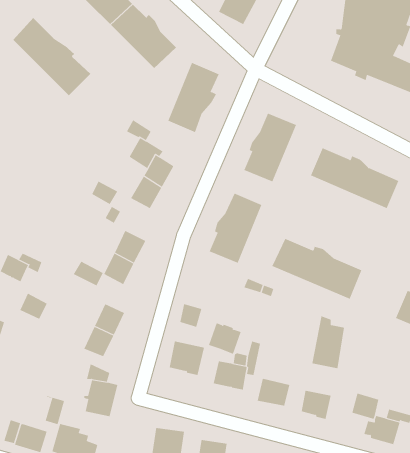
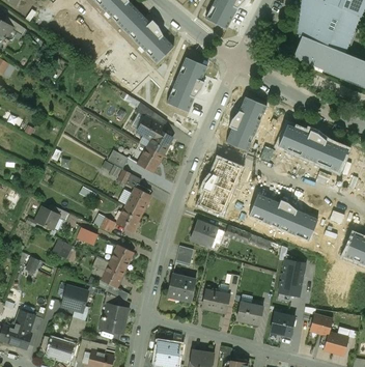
building: [13,17,91,96] -> none
building: [208,323,241,355] -> [191,221,217,246]
building: none -> [60,285,88,311]

